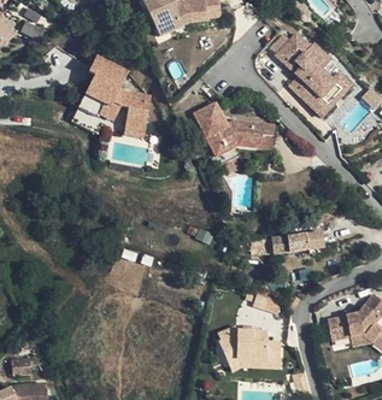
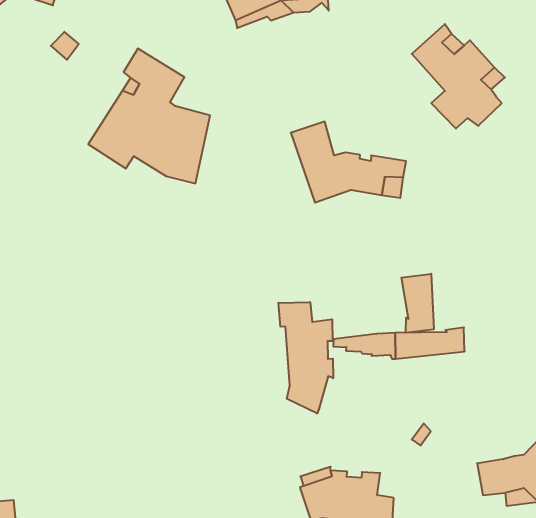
building: [306,71,351,113] -> none
building: none -> [401,274,434,333]
building: none -> [278,302,333,414]

